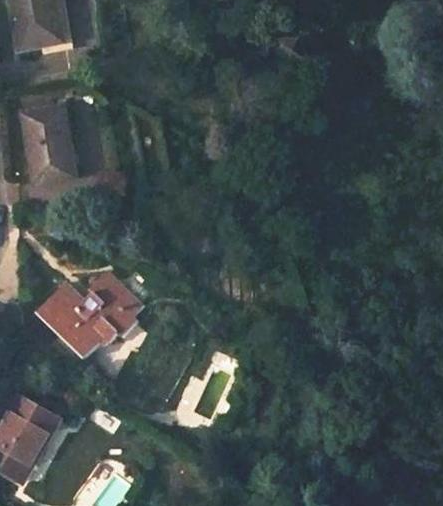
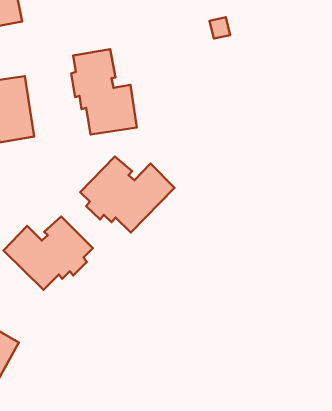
building: none -> [71,49,137,135]
building: none -> [80,156,175,232]

